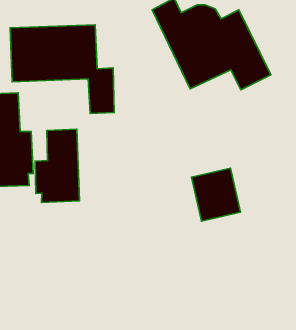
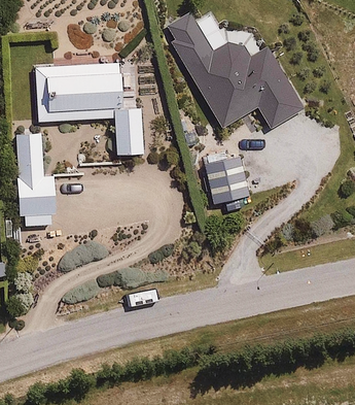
building: [35,129,79,202] -> none
building: [191,168,240,221] -> [200,150,250,205]

